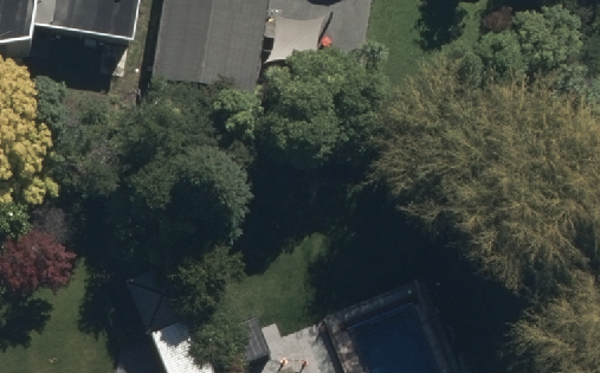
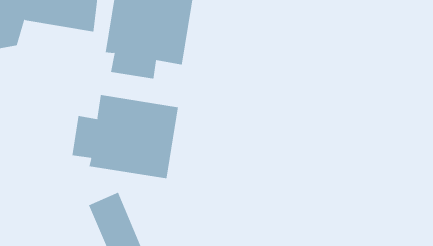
building: none -> [72,94,178,179]

